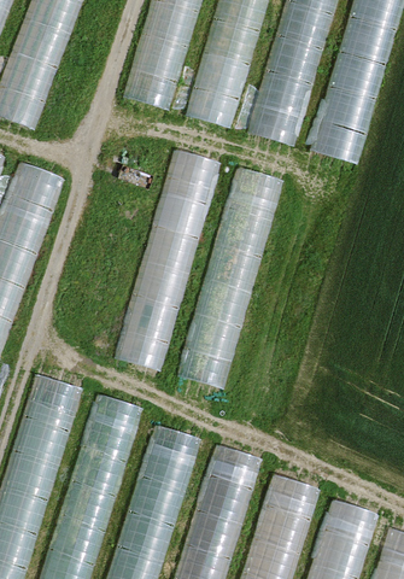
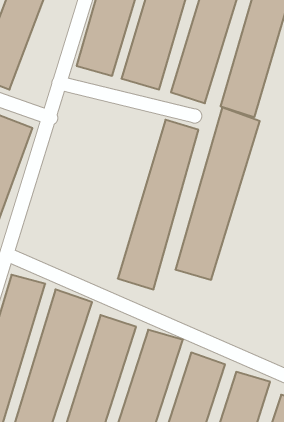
building: [113,146,224,373] -> [175,107,260,280]

